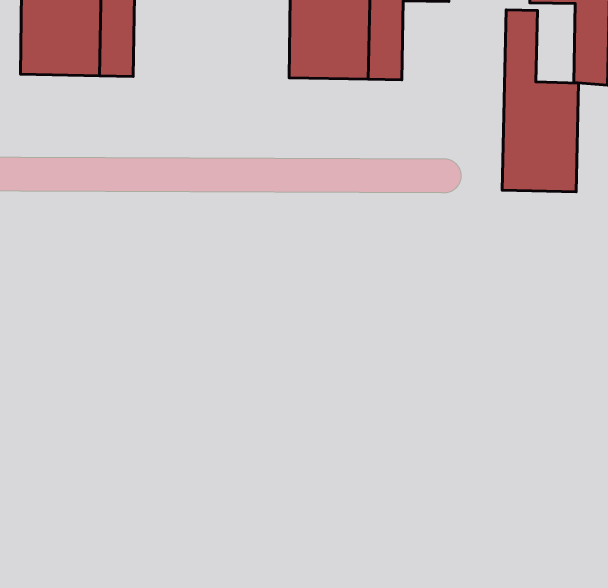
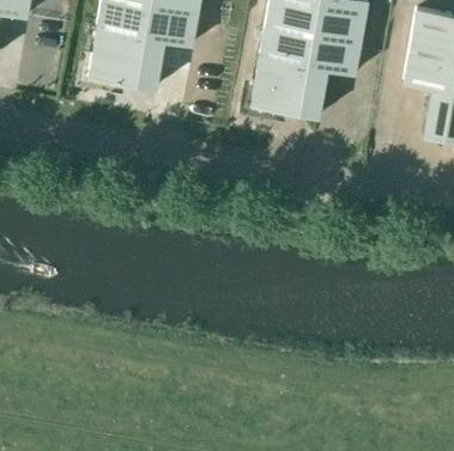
building: [502,10,578,192] -> none

